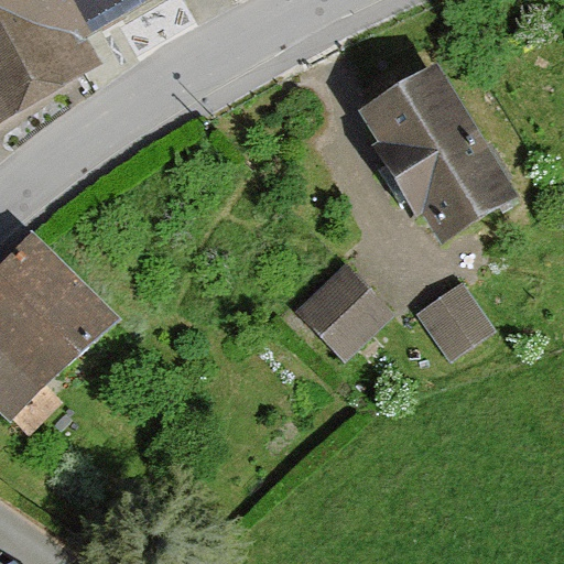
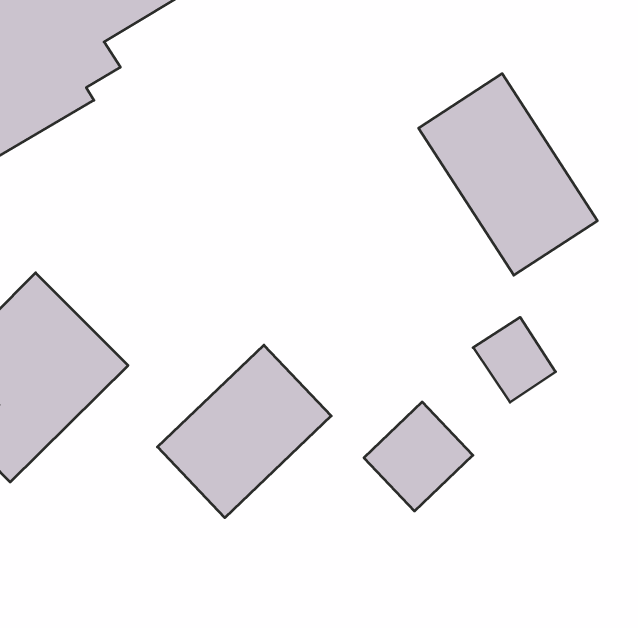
building: [283,258,378,352] -> [364,402,473,511]
building: none -> [157,345,331,518]

